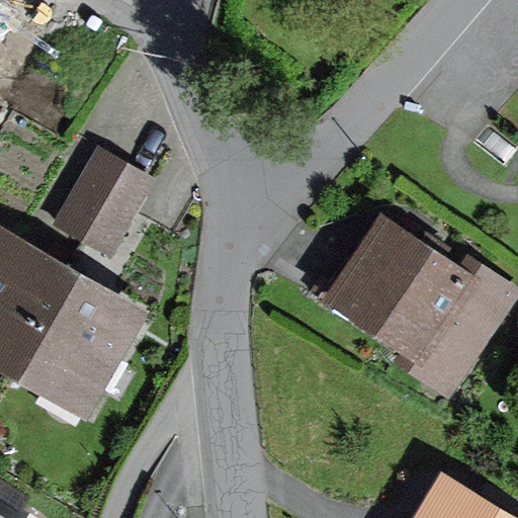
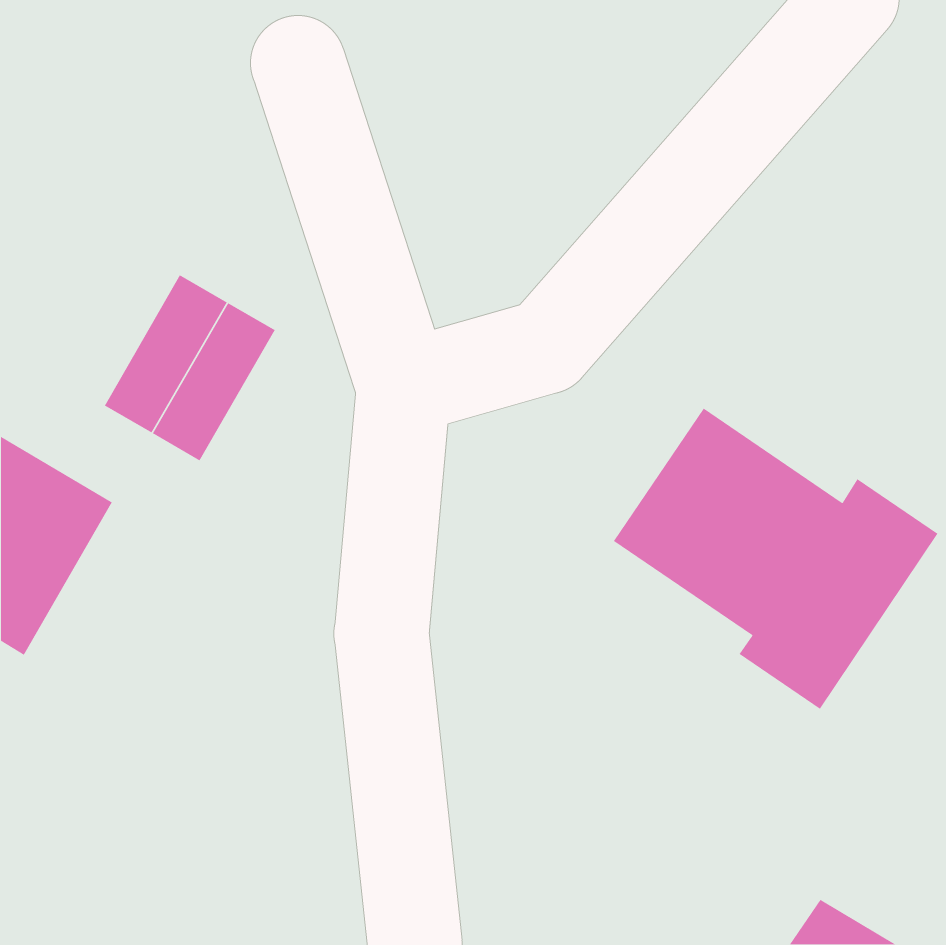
building: [13,274,127,402] -> none

